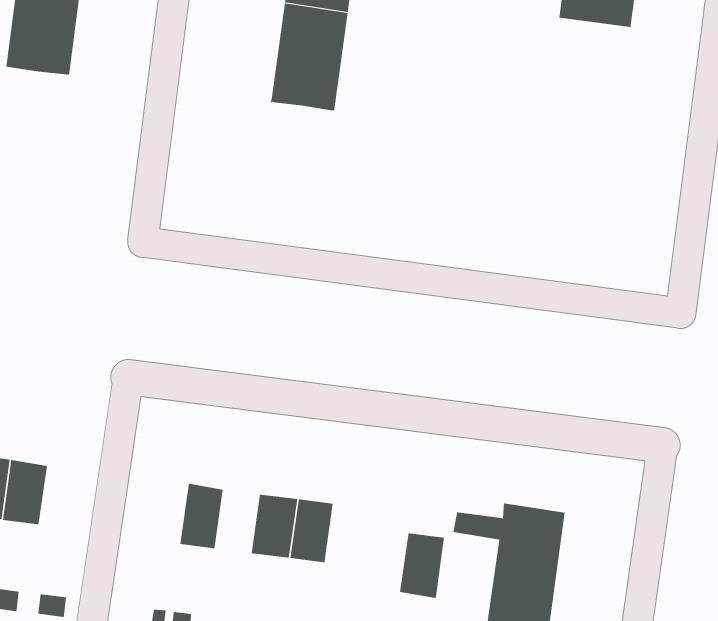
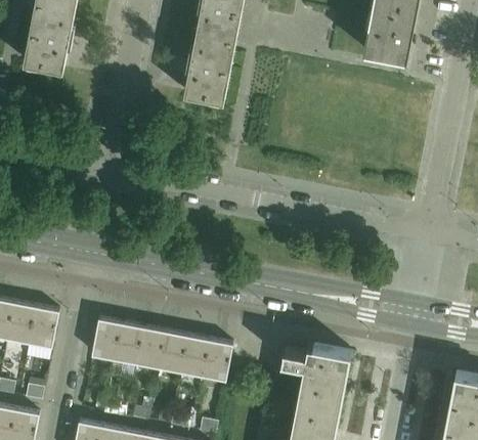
building: none -> [29,308,58,348]
building: none -> [91,319,121,360]
building: none -> [135,328,164,368]
building: [399,533,445,598] -> [202,341,231,382]

